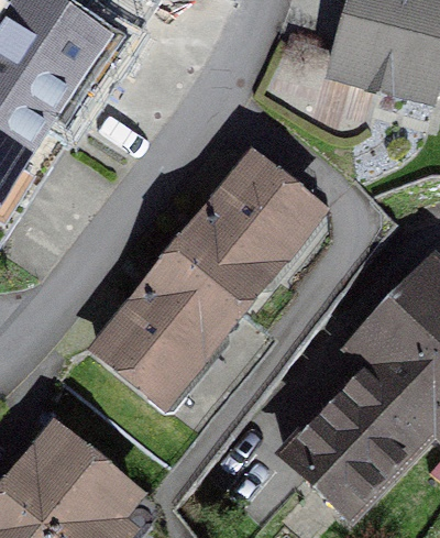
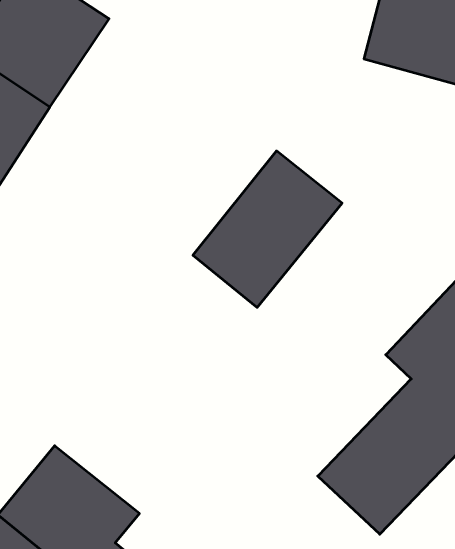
building: [102,254,238,395] -> none

